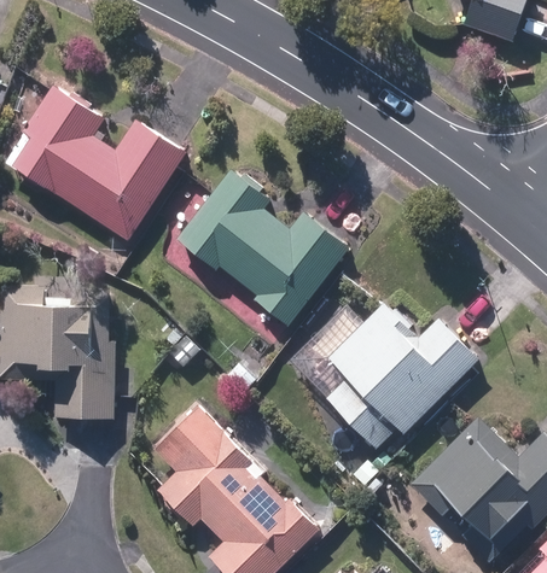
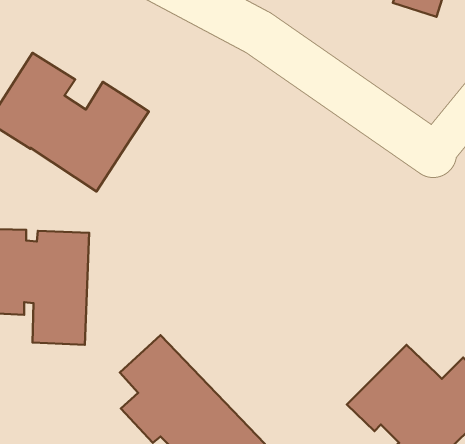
building: [174,170,349,327] -> none
building: [320,298,477,452] -> none

